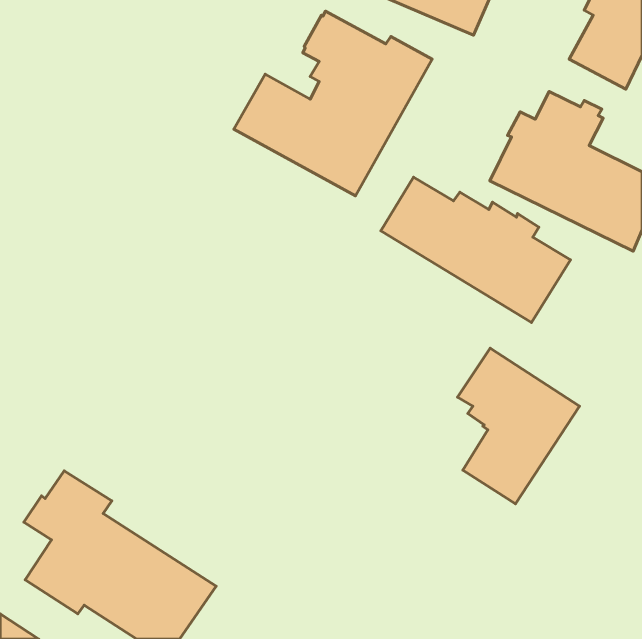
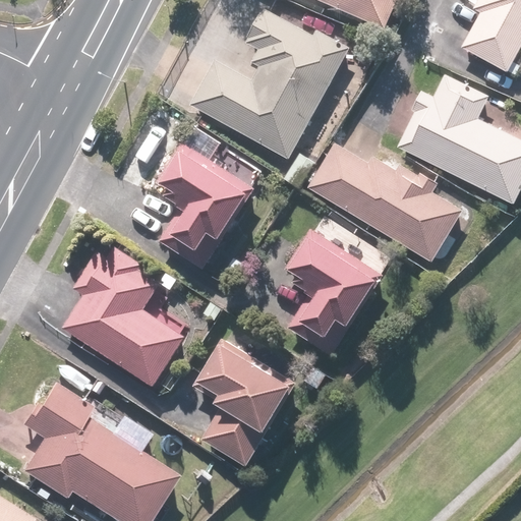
building: none -> [156,142,253,269]
building: none -> [62,247,185,386]
building: [458,348,580,504] -> [284,229,383,355]
building: none -> [192,338,295,466]

